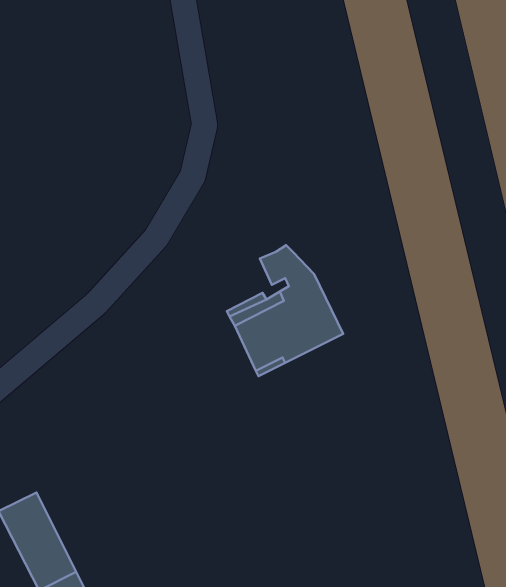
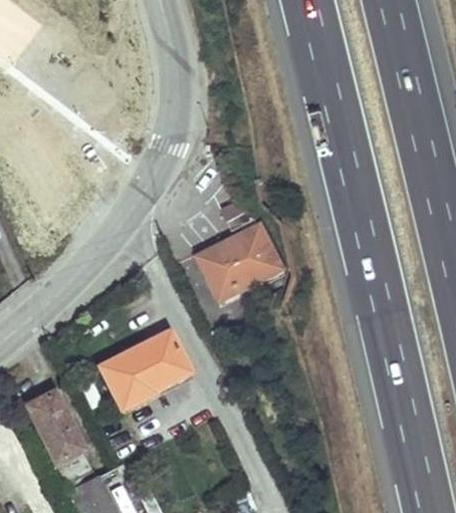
building: none -> [97,330,190,410]

